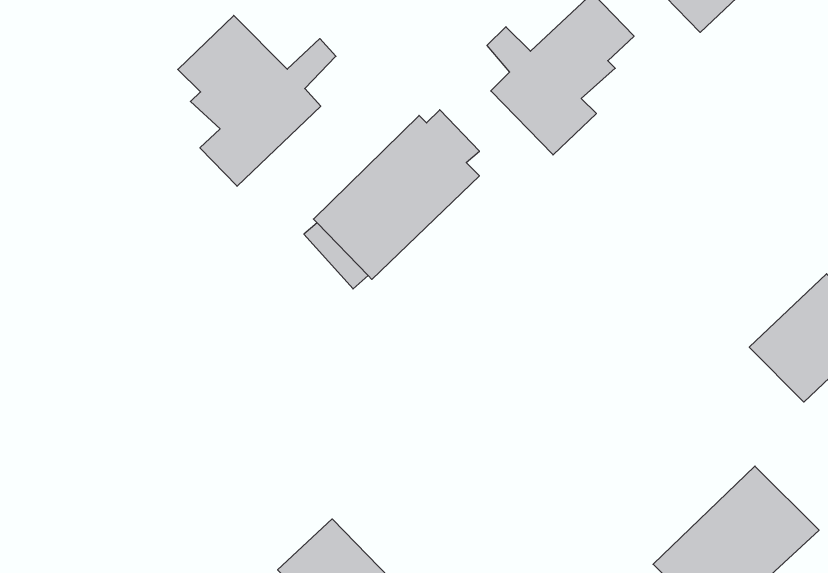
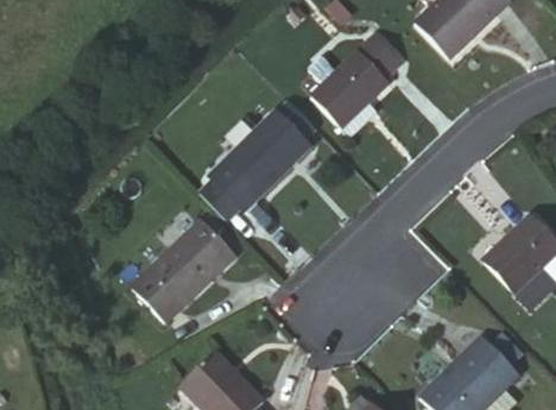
building: [178,15,336,186] -> none
building: none -> [131,225,240,332]

